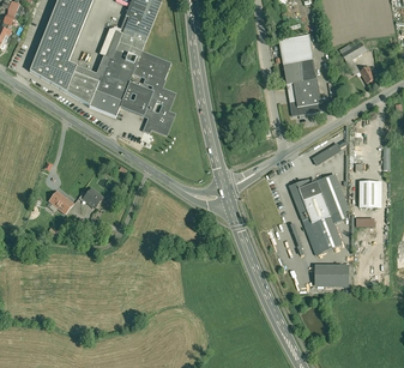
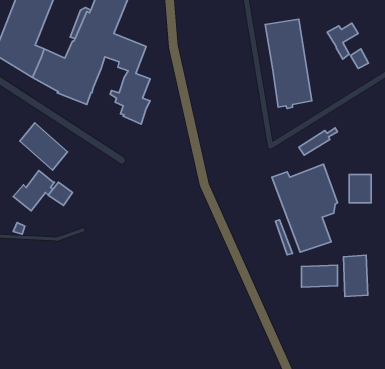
building: [120,82,150,113] -> none
building: none -> [20,123,68,170]
building: none -> [343,255,368,297]

